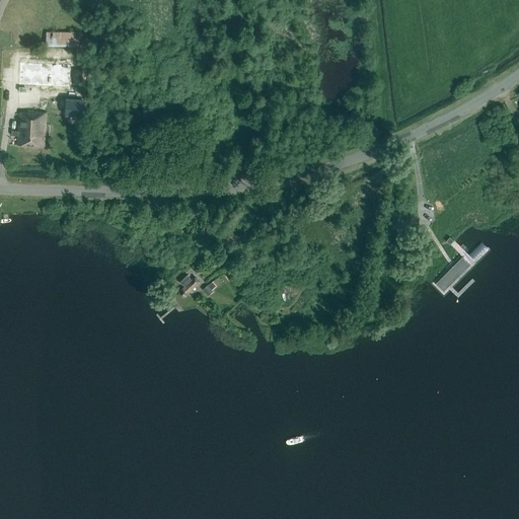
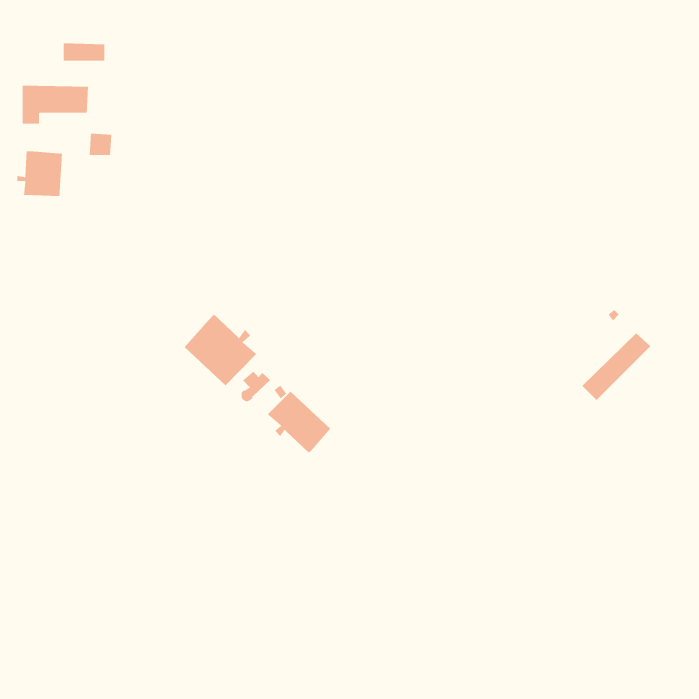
building: none -> [184,314,257,386]
building: none -> [267,391,331,454]

